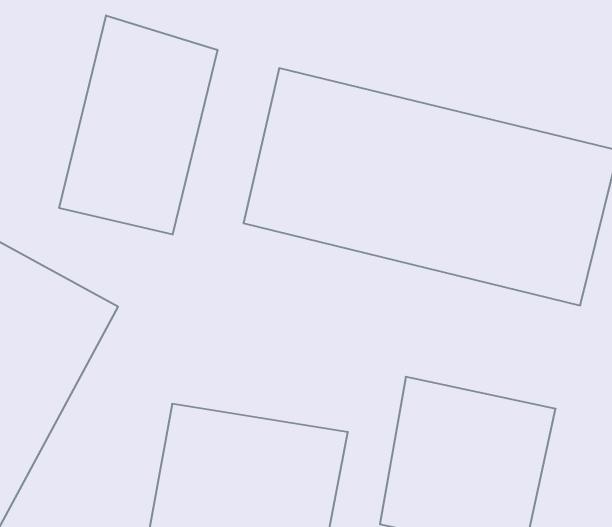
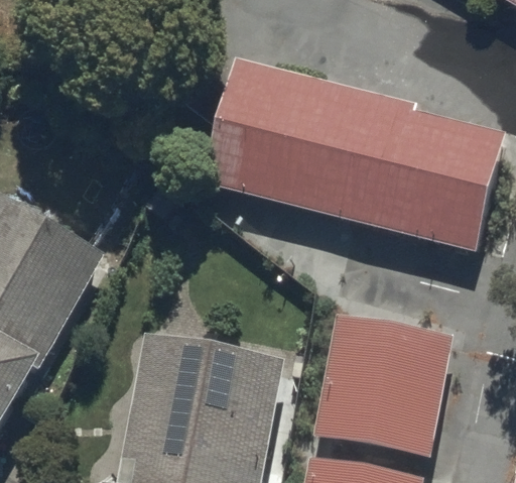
building: [59,15,217,235] -> none

